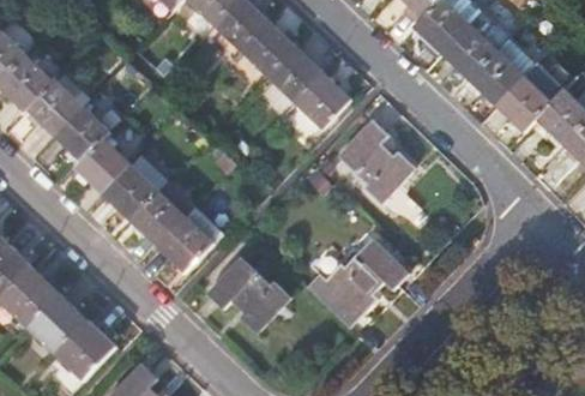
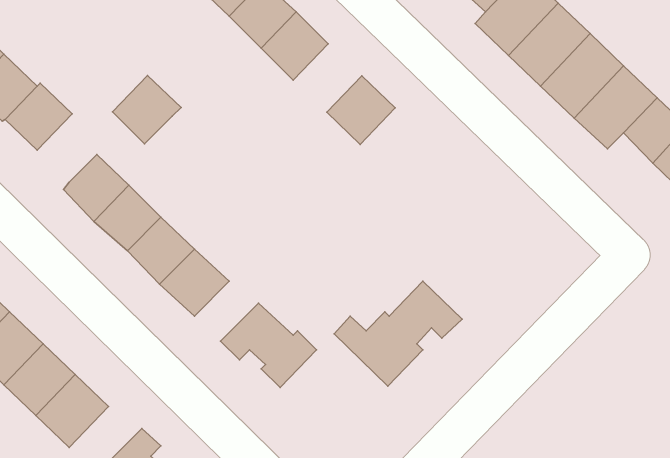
building: [265,46,321,102] -> none
building: [54,103,110,160] -> [113,75,181,144]
building: [340,119,411,198] -> none

